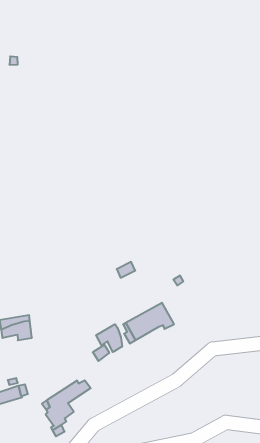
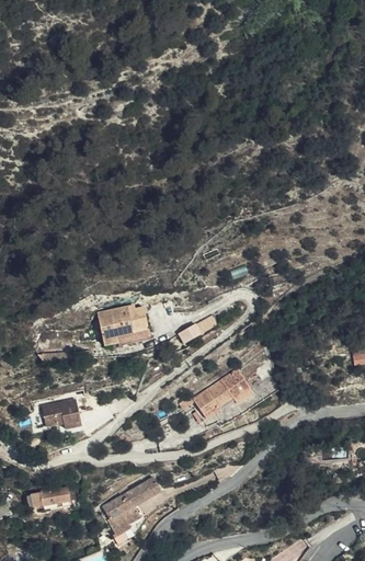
building: none -> [96,307,148,345]
building: [96,324,122,352] -> none

